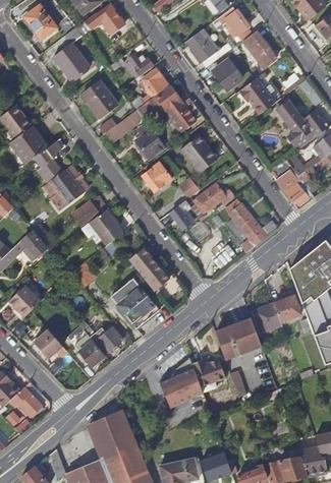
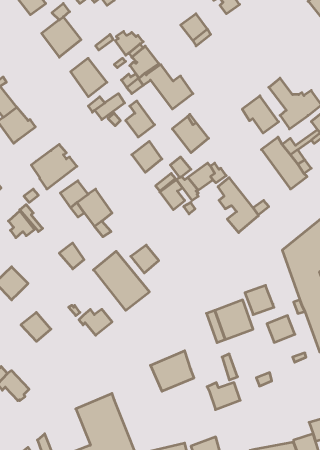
building: [243,32,276,67] -> none
building: [212,59,241,89] -> none
building: [238,77,274,114] -> [242,96,279,133]
building: [31,135,69,181] -> none
building: [128,247,156,275] -> none
building: [273,295,300,321] -> [267,316,295,342]
building: [73,335,104,366] -> none
building: [191,359,224,385] -> [207,383,240,410]

